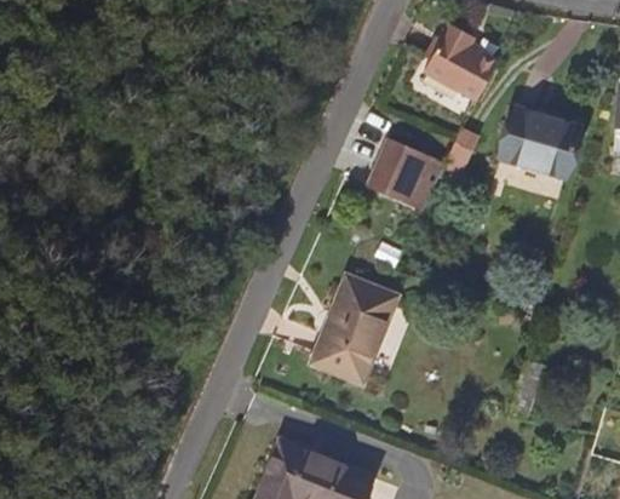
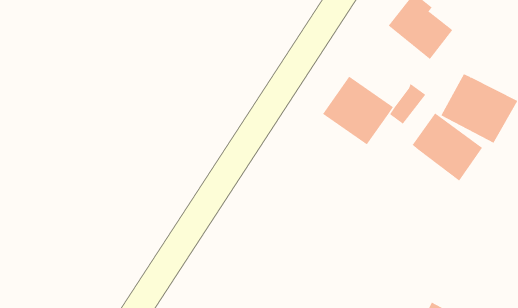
building: none -> [412,112,483,182]
building: [312,280,394,383] -> none

